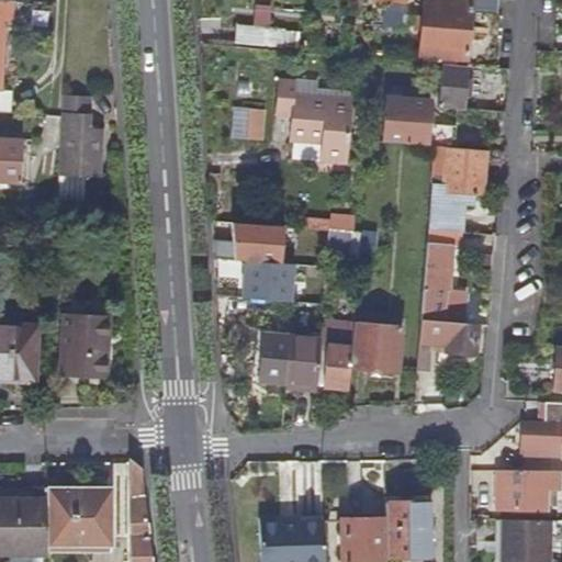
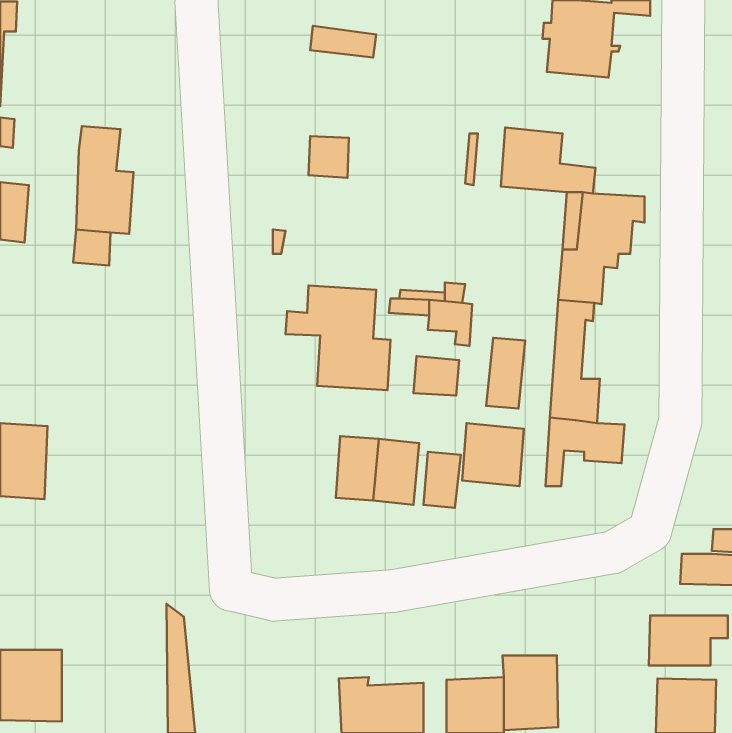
building: [438,64,467,110] -> none
building: [278,80,353,164] -> none
building: none -> [486,338,525,409]
building: none -> [413,356,459,395]
building: [61,315,109,381] -> none
building: [48,491,112,546] -> none

